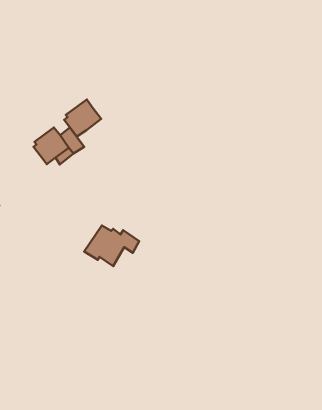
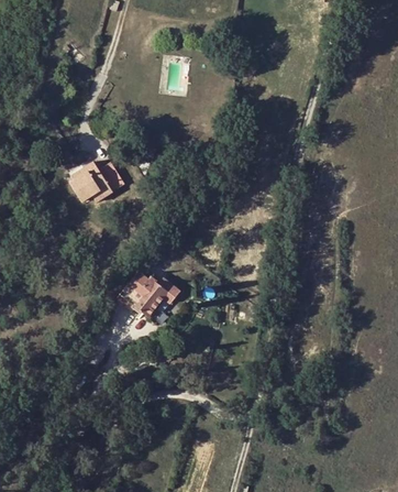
building: [64,100,101,137] -> none

